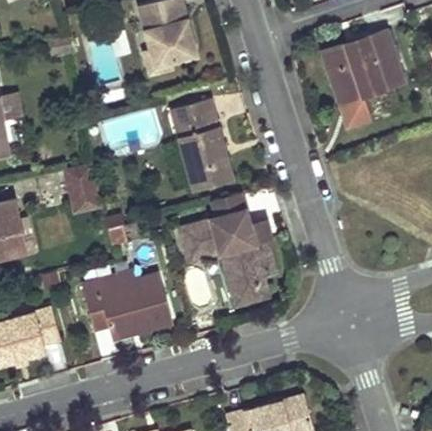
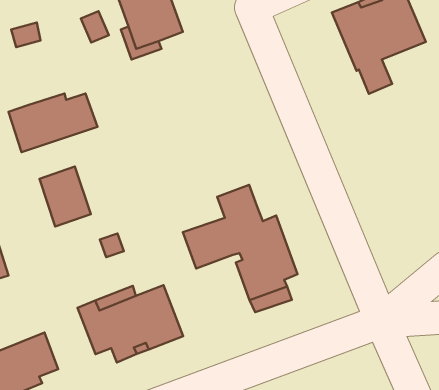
building: none -> [9,93,98,152]
building: [170,99,233,190] -> none

